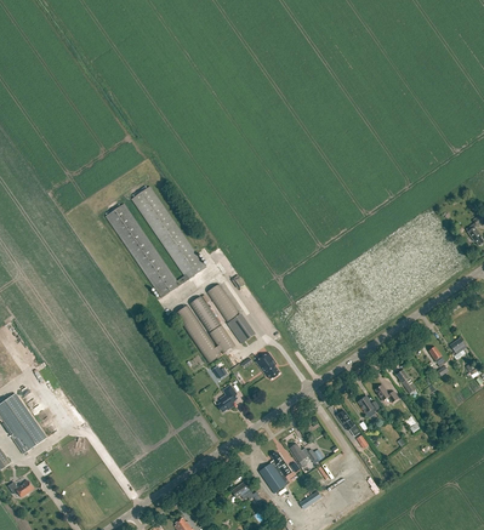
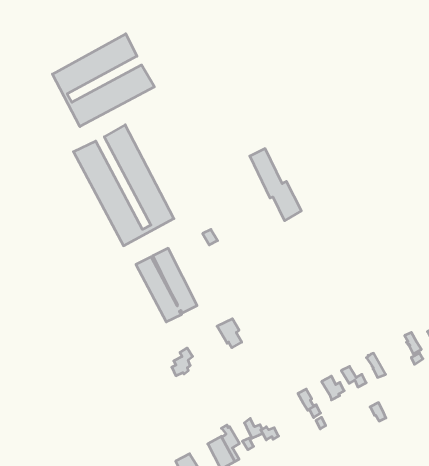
building: none -> [52,34,154,127]
building: [206,283,260,347] -> [250,149,301,221]

